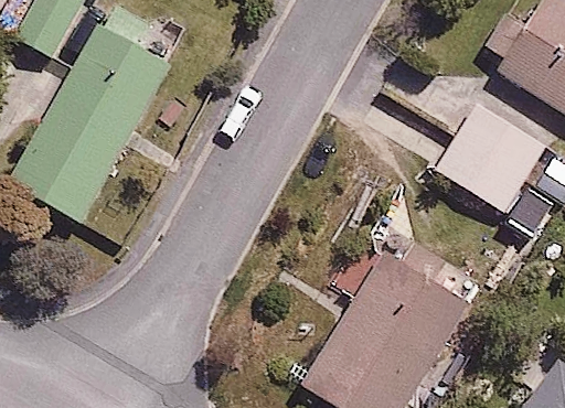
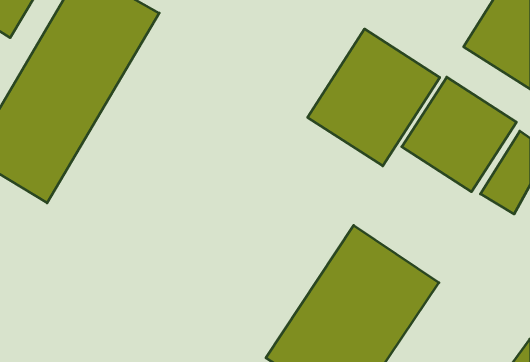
building: none -> [308,29,440,166]

